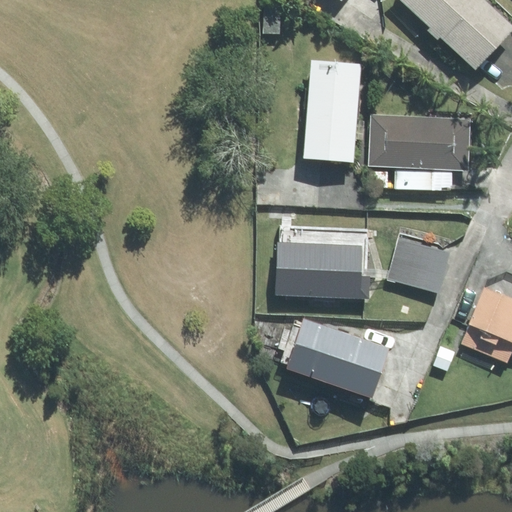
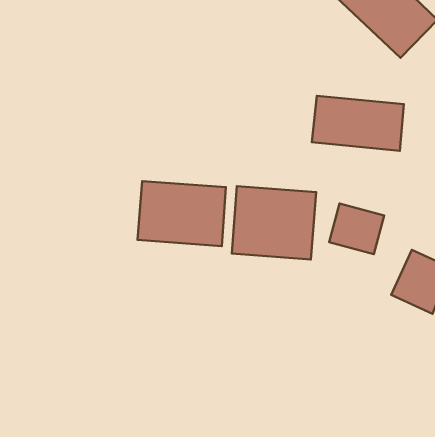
building: [302,60,361,166] -> none
building: none -> [137,181,226,246]
building: [284,314,390,400] -> none

